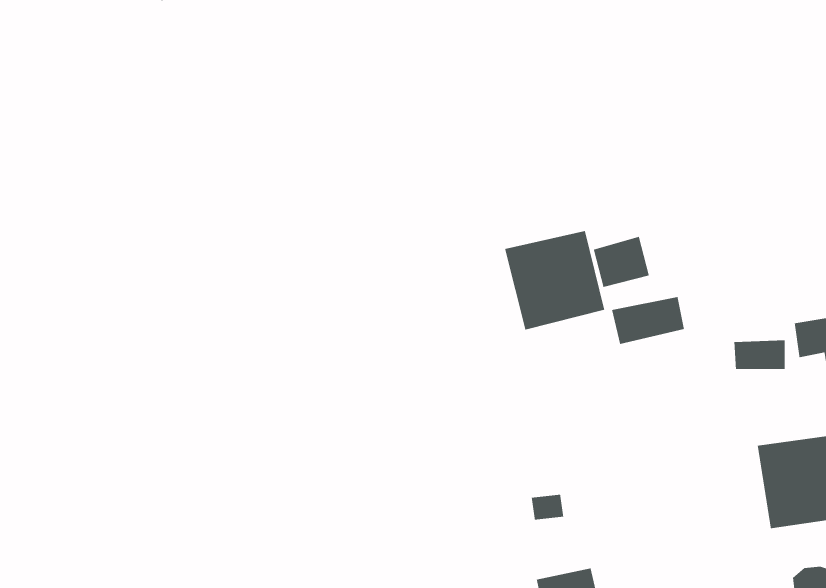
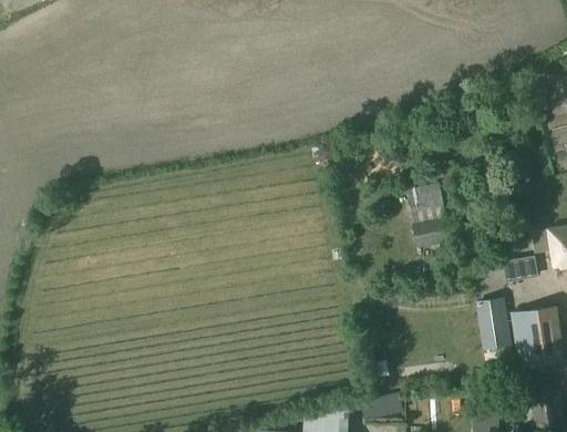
building: [504,230,605,330] -> none
building: none -> [475,298,512,351]

